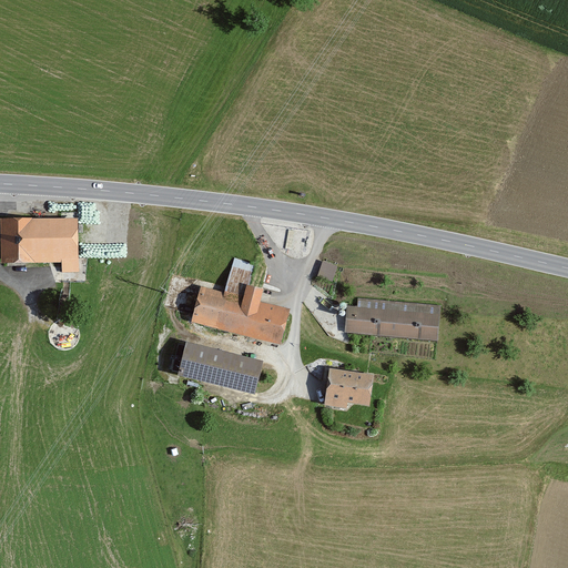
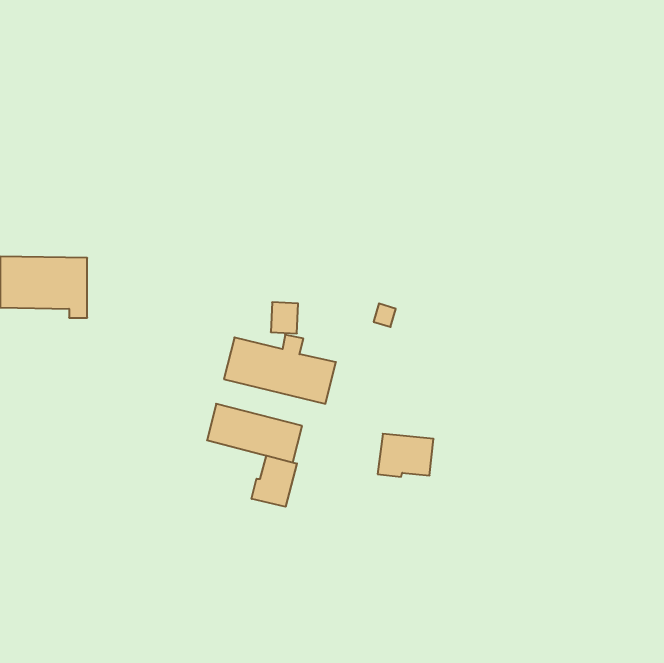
building: [346,297,442,337] -> none
building: none -> [252,456,297,507]

